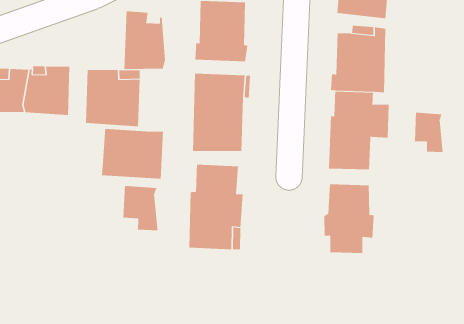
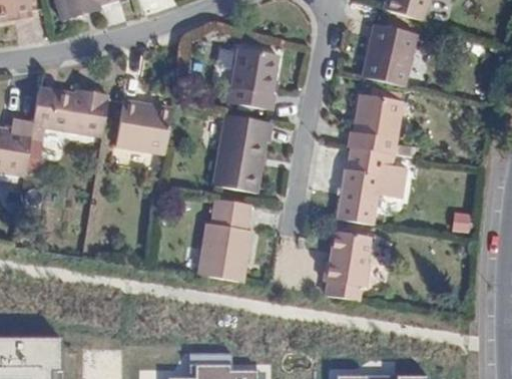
building: [124,11,165,70] -> none
building: [414,112,443,153] -> none
building: [101,128,163,180] -> none
building: [123,185,158,231] -> none

